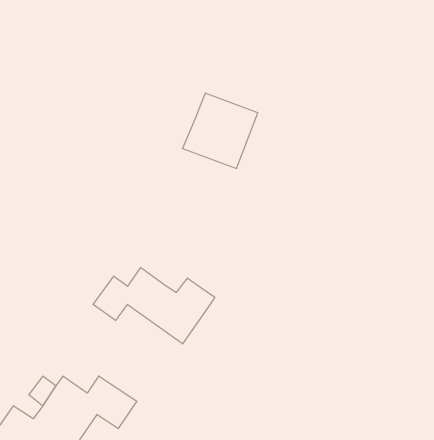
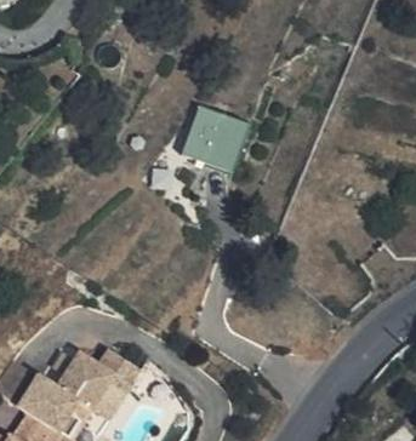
building: [93,268,215,344] -> none

